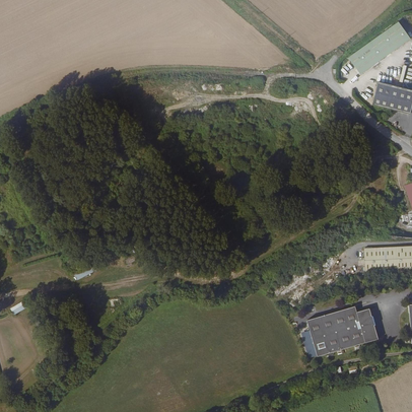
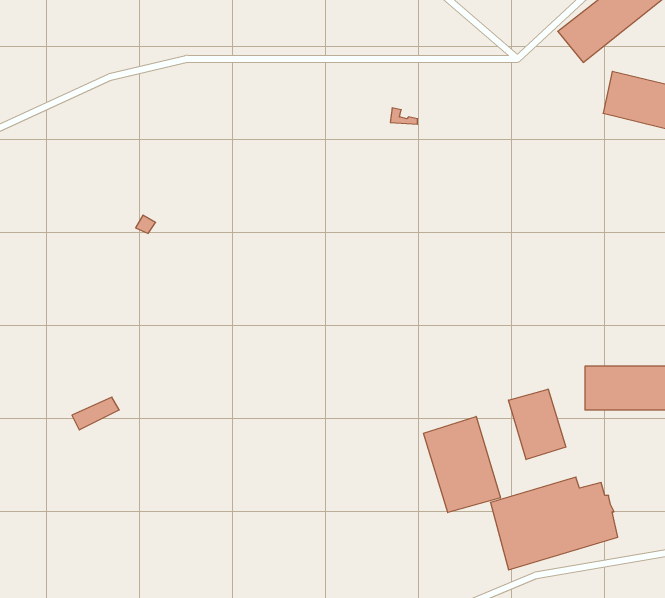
building: none -> [508,389,566,460]
building: none -> [424,416,500,513]

